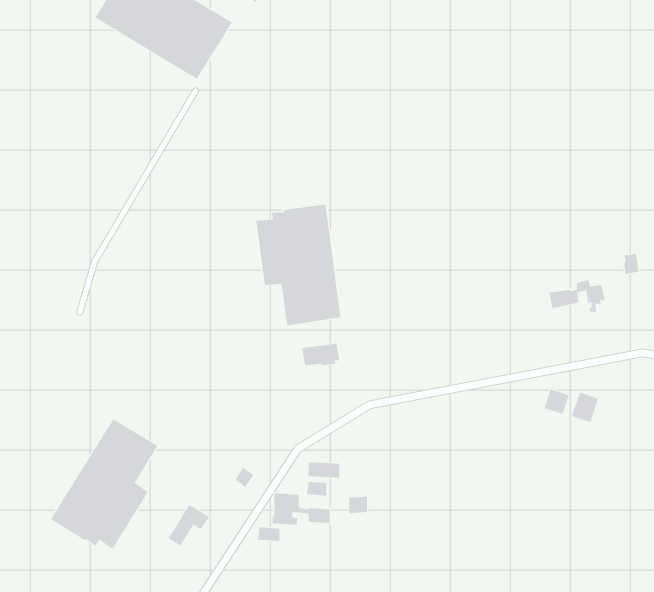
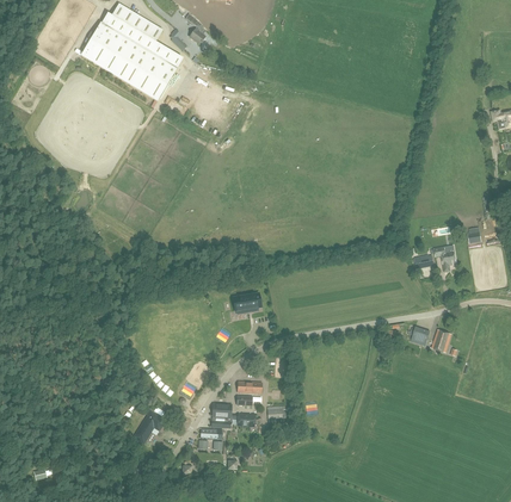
building: [256,204,341,326] -> none
building: [50,419,158,550] -> none

